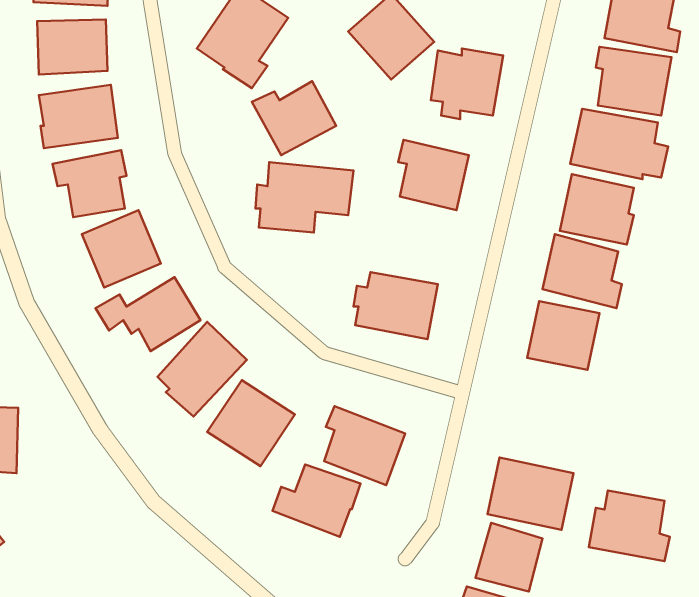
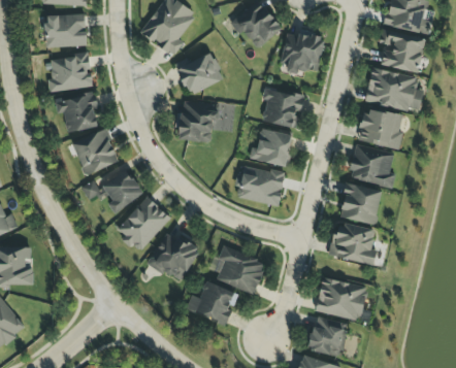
building: none -> [249,128,294,167]
building: [589,491,670,561] -> [328,223,377,265]

